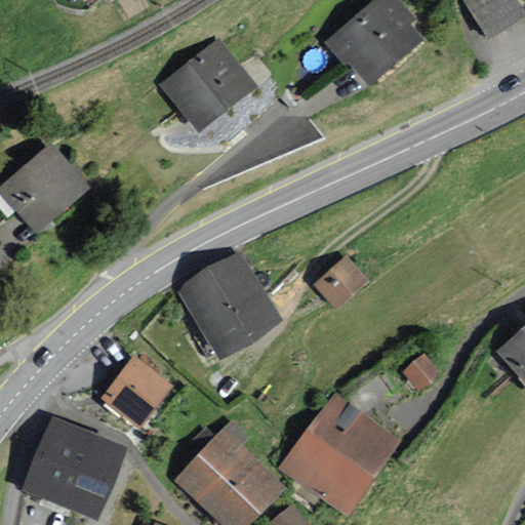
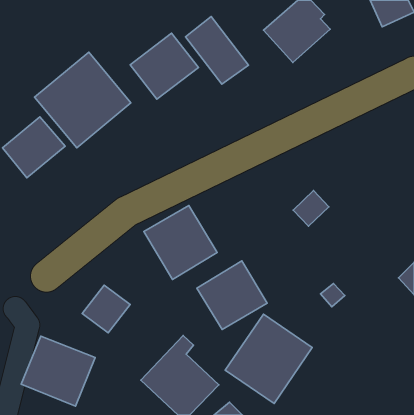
building: none -> [185,16,249,84]
building: none -> [35,52,131,148]
building: [317,259,362,305] -> [293,191,329,226]
building: none -> [197,261,267,330]

